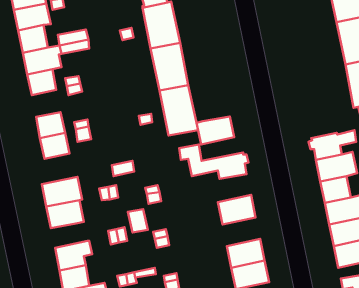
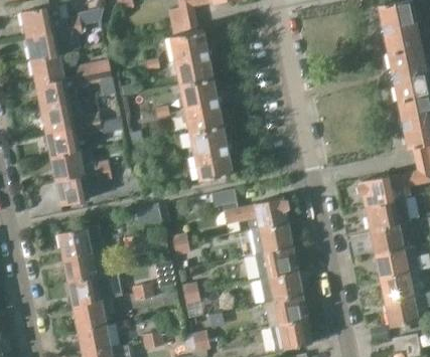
building: none -> [46,128,79,158]
building: [197,117,234,144] -> [250,222,292,253]
building: none -> [260,271,302,303]
building: none -> [67,278,109,305]

